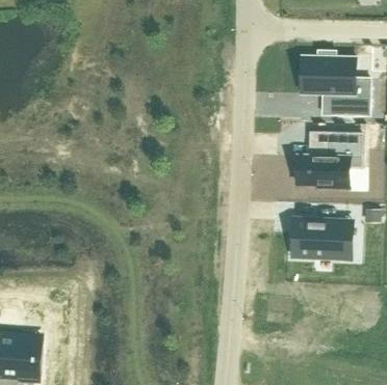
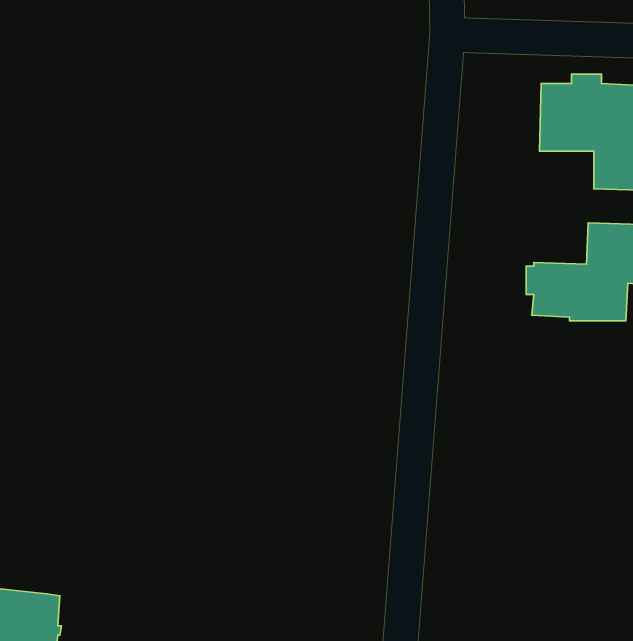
building: [293,218,347,256] -> none

